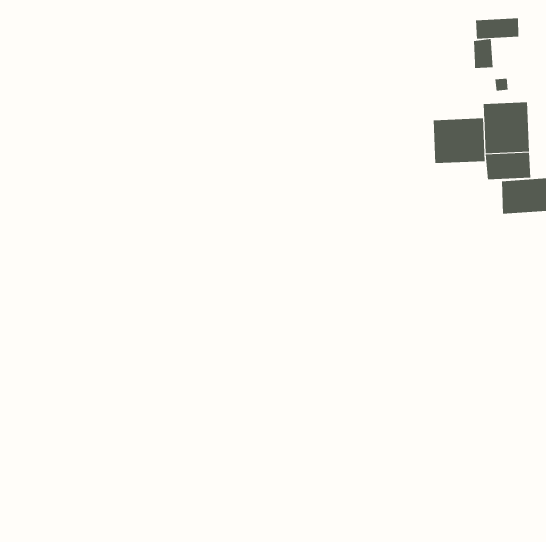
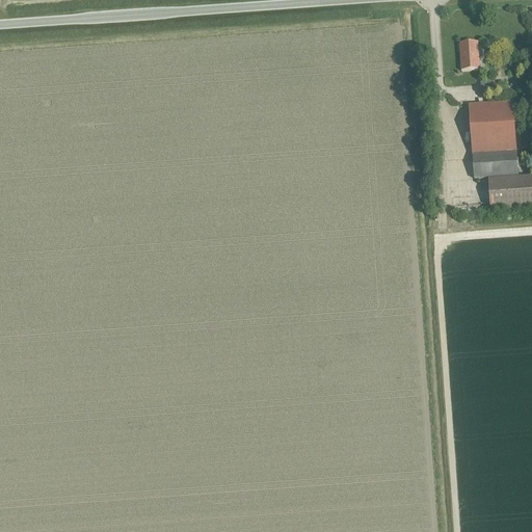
building: [475,17,519,39] -> none
building: [433,118,485,164] -> none

